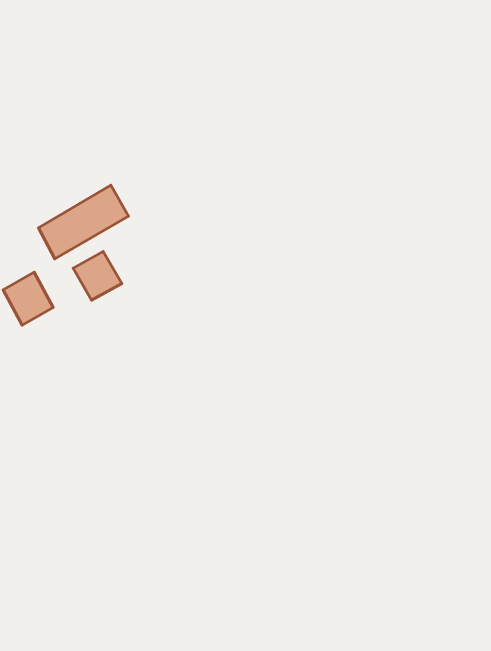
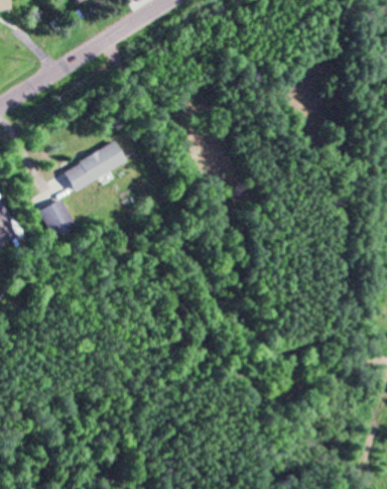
building: [73,252,122,300] -> none

